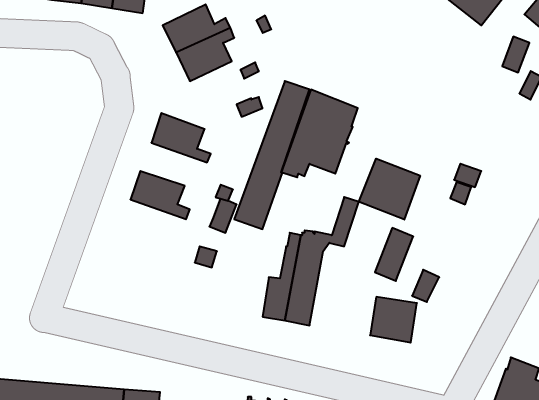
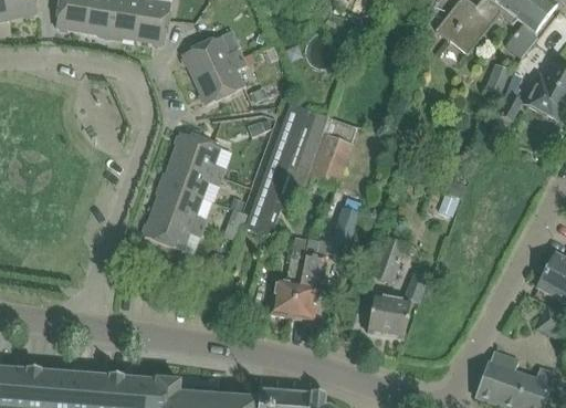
building: none -> [161,158,221,197]
building: [359,159,420,220] -> none
building: none -> [143,209,202,249]

